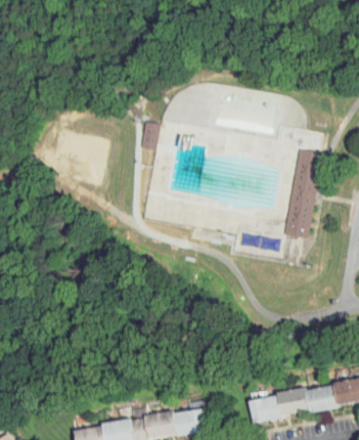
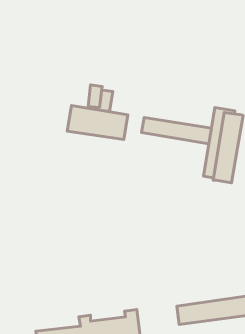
building: none -> [67,106,128,140]
building: none -> [142,117,211,144]

